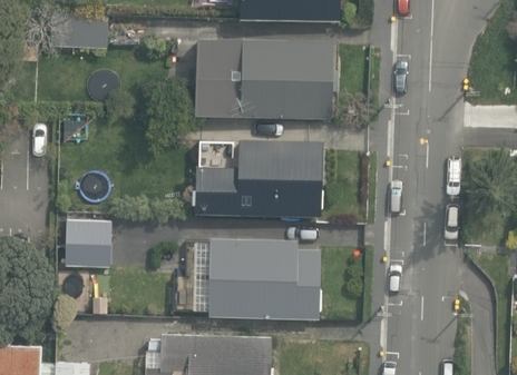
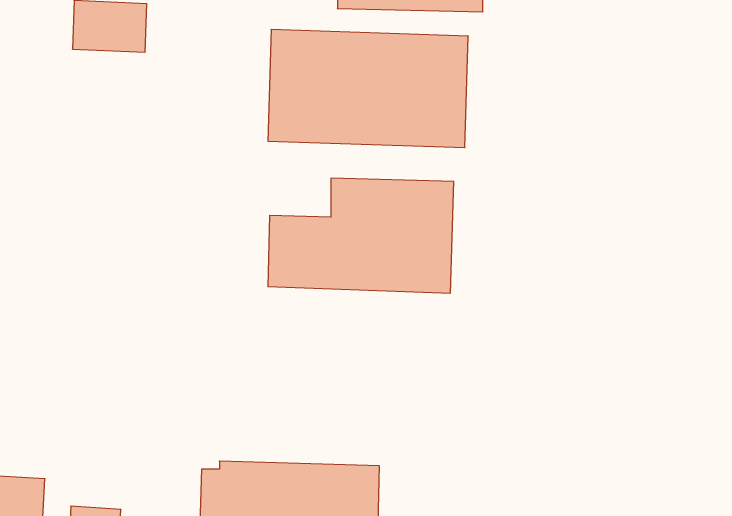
building: [64,217,111,267] -> none
building: [208,236,319,314] -> none

